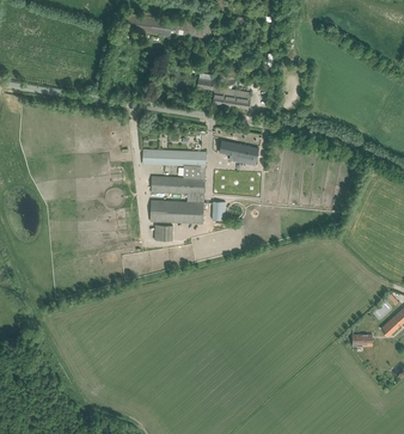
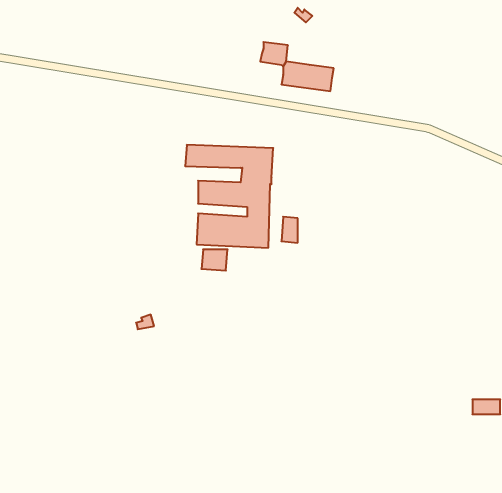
building: [218,140,258,165] -> none

